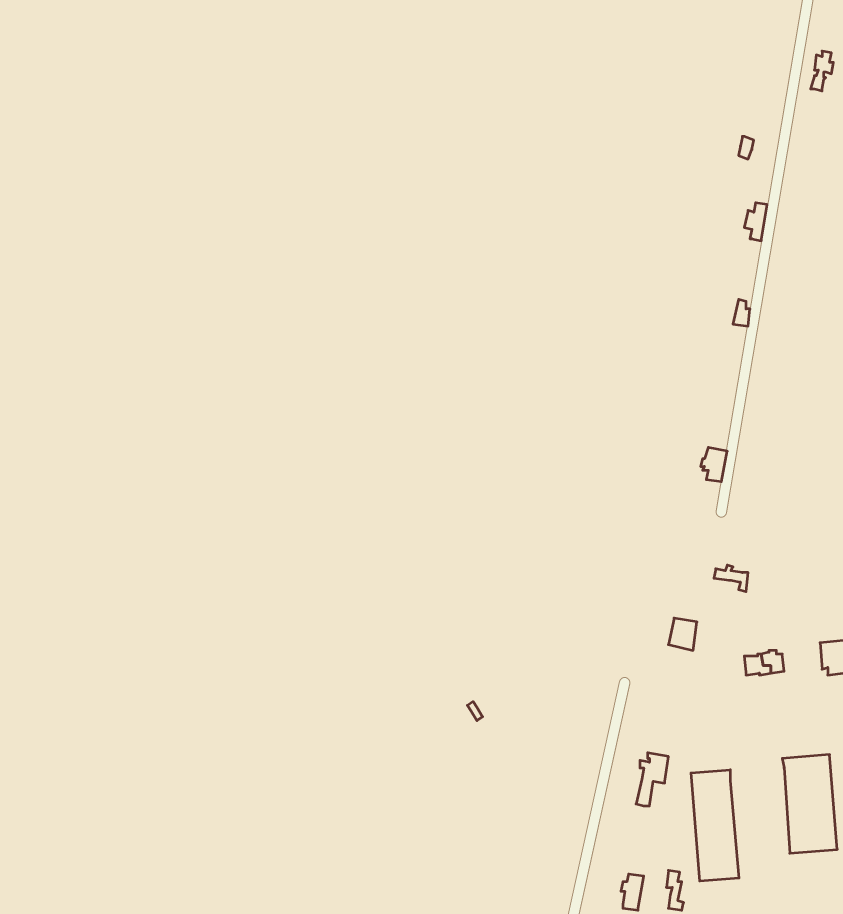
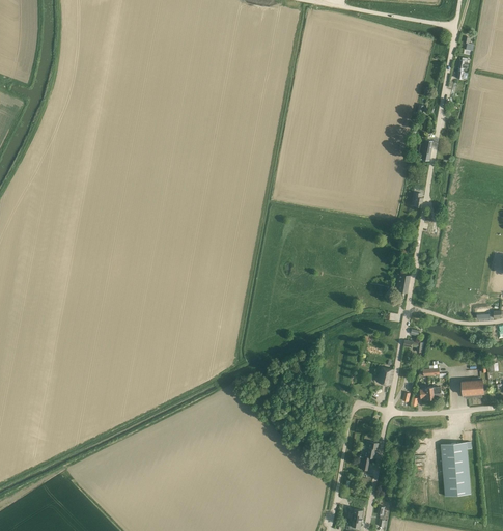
building: [691,770,739,881] -> none

